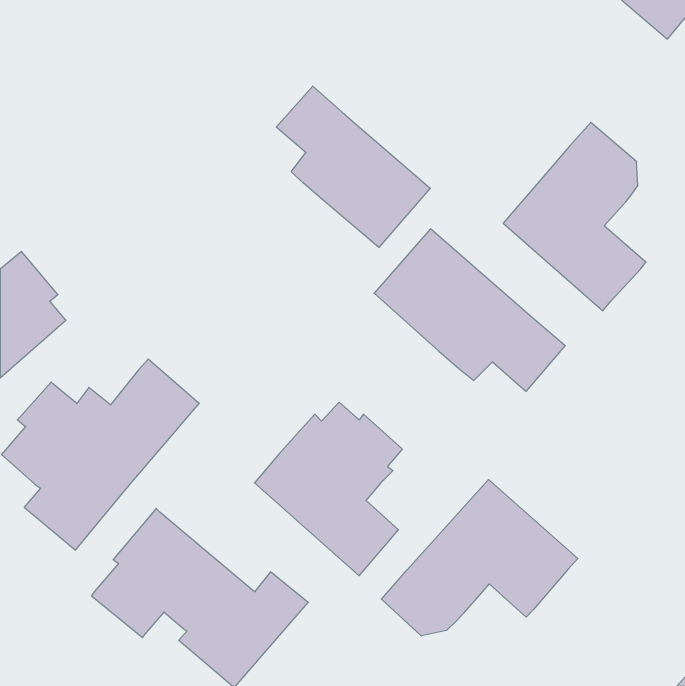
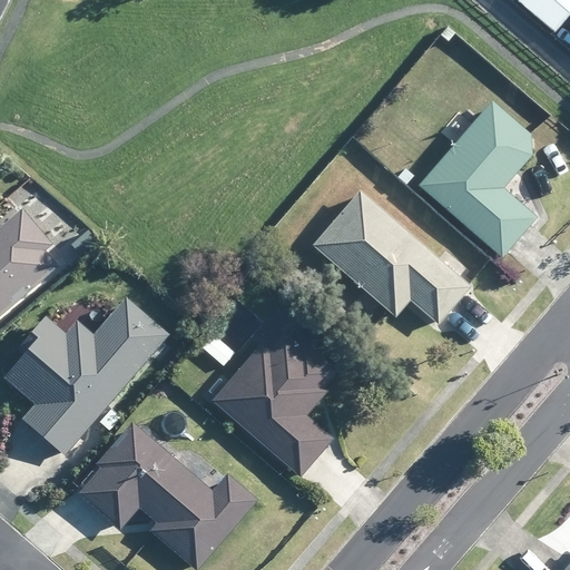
building: [276,86,430,247] -> none
building: [381,480,578,636] -> none

